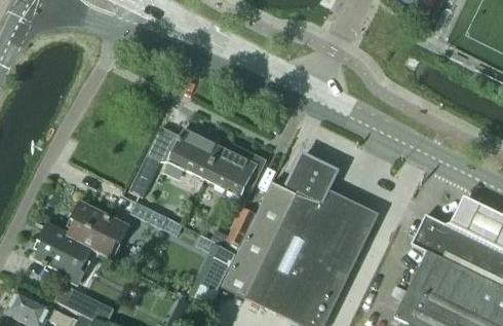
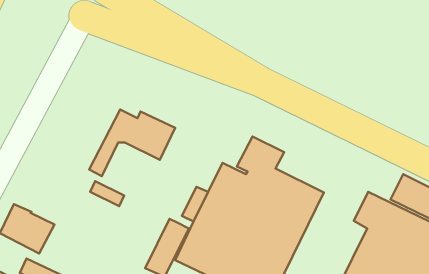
building: [204,144,266,200] -> none
building: [67,206,125,258] -> none

